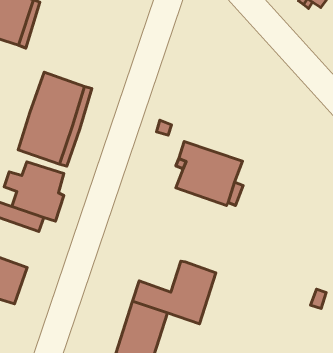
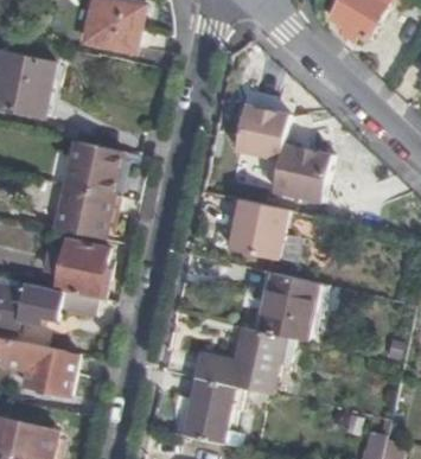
building: none -> [235,106,343,205]
building: none -> [247,274,315,342]

